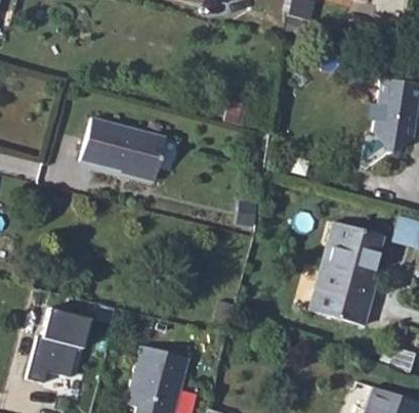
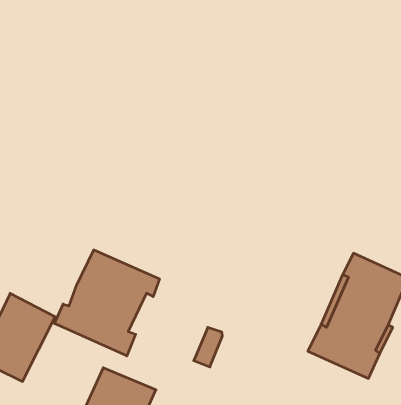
building: [83,119,169,180] -> none
building: none -> [55,250,159,356]

